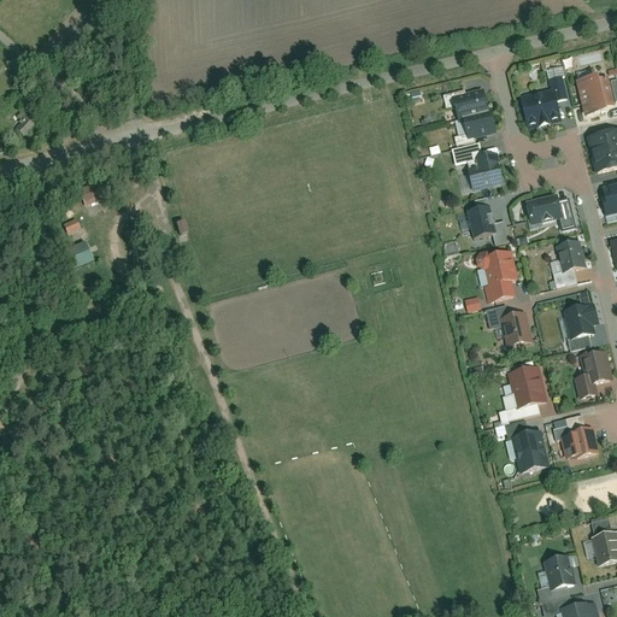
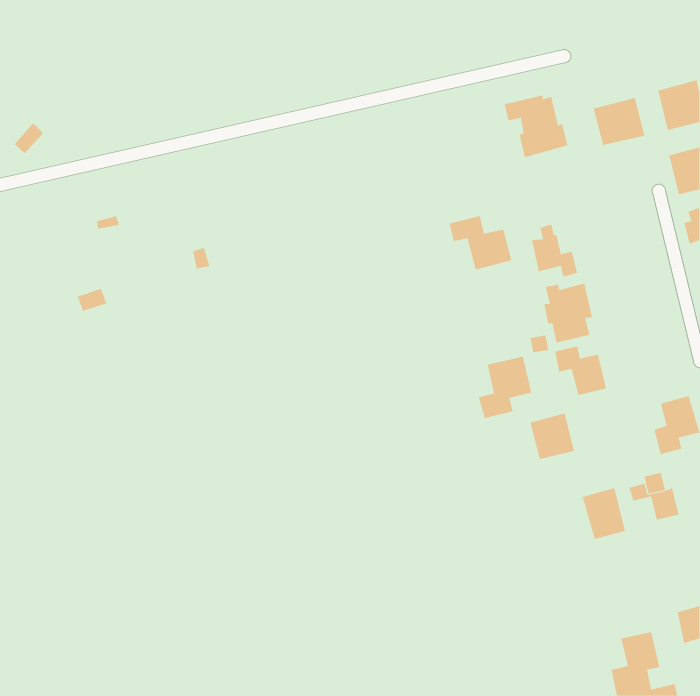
building: [451,141,506,189] -> [449,215,512,270]
building: [525,192,576,228] -> none
building: [551,240,587,286] -> none
building: [564,302,599,340] -> none
building: none -> [478,356,532,419]
building: [507,365,547,406] -> [529,413,575,459]

